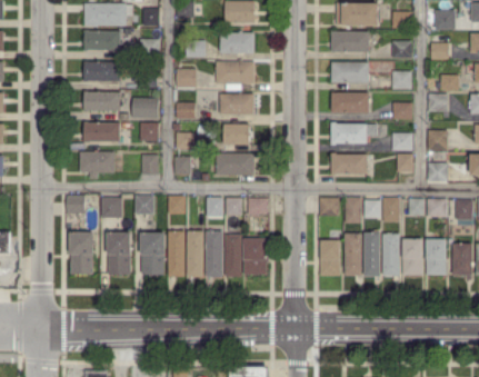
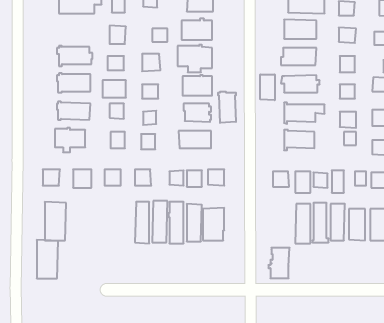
building: [83,30,120,52] -> none
building: none -> [260,74,275,100]
building: none -> [218,92,236,123]
building: [108,229,131,271] -> [37,240,58,278]
building: [142,232,166,275] -> none
building: [317,240,340,274] -> [268,248,290,278]

